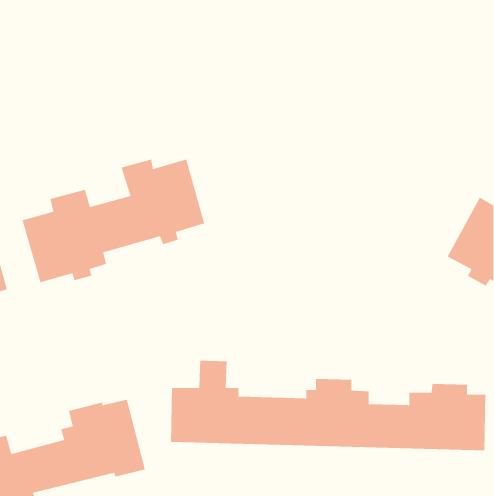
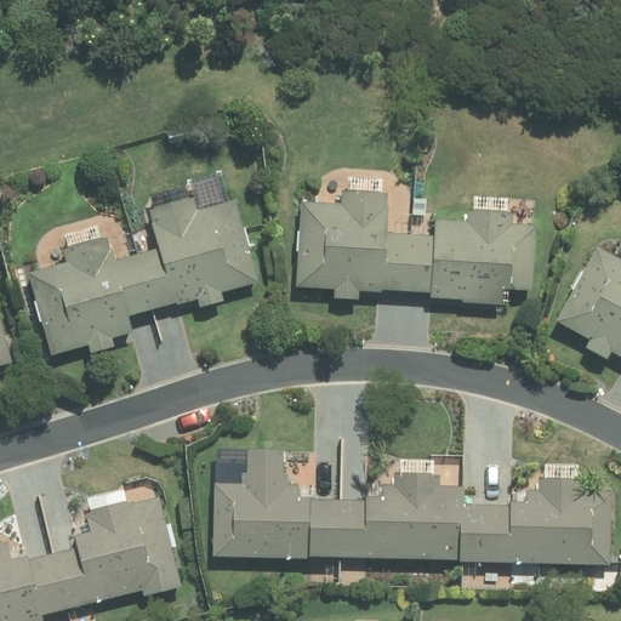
building: none -> [297,189,537,304]

